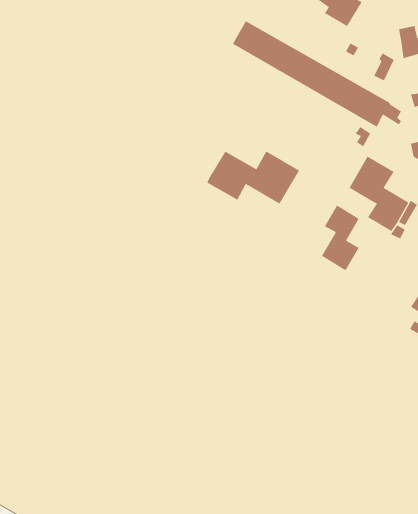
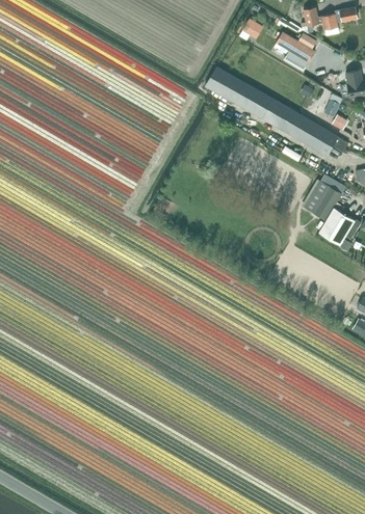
building: [207,151,300,204] -> none
building: [321,205,360,271] -> none

